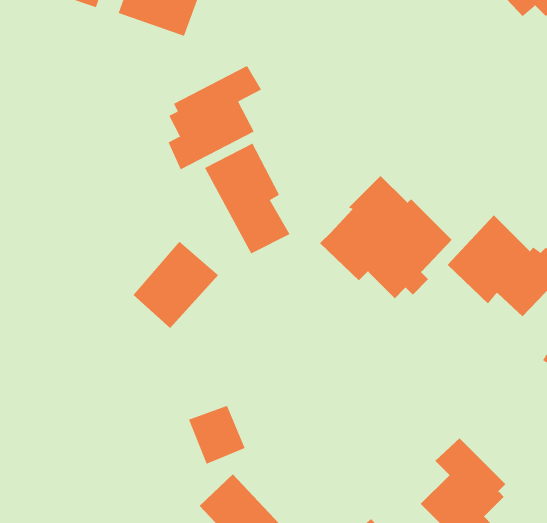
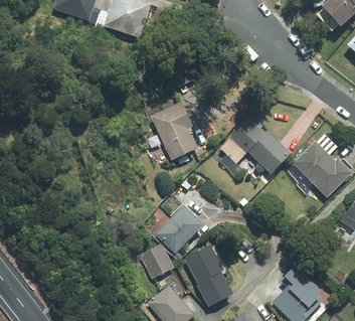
building: [168,65,262,170] -> none
building: [133,241,219,329] -> [155,204,203,254]
building: none -> [185,246,232,307]

